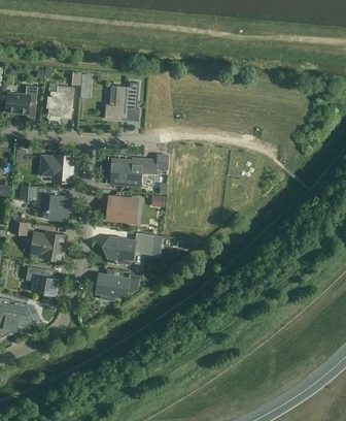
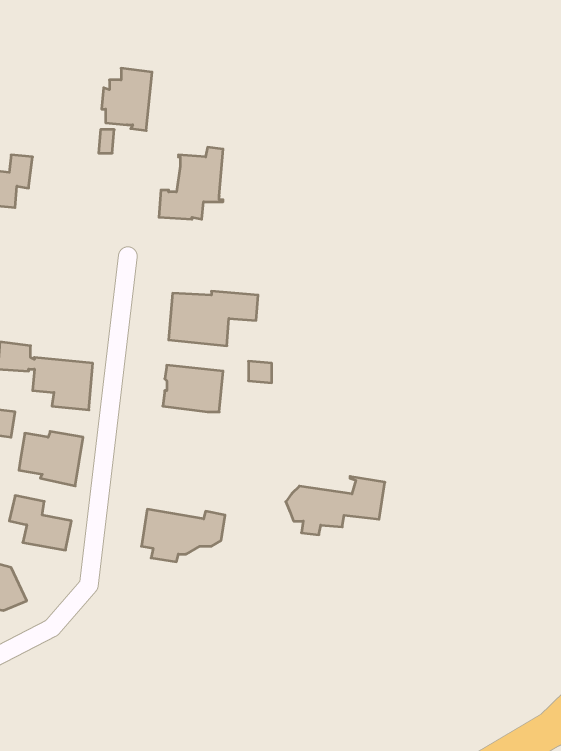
building: [46,86,73,119] -> [102,68,152,131]
building: [40,155,72,183] -> none
building: [102,232,154,263] -> [286,476,385,535]

